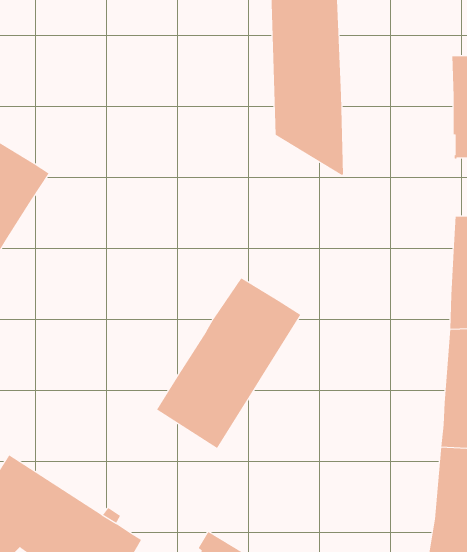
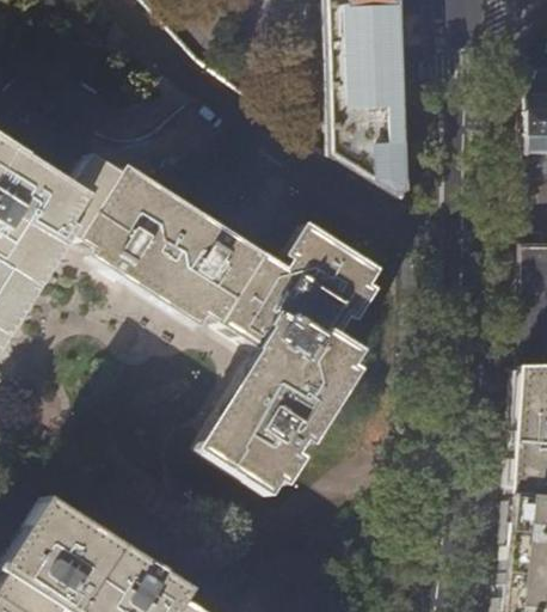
building: none -> [70,161,381,354]

